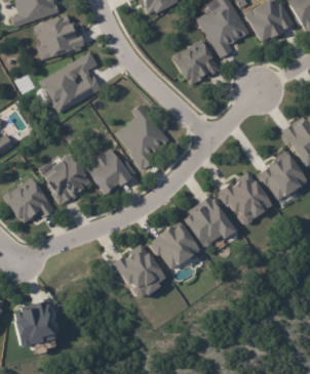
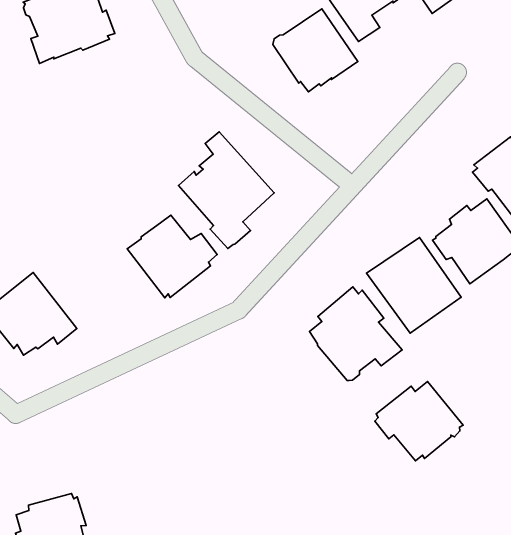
building: [40,50,101,112] -> none
building: [42,153,89,201] -> none
building: [152,226,201,271] -> [375,382,463,461]
building: [115,246,166,301] -> none

